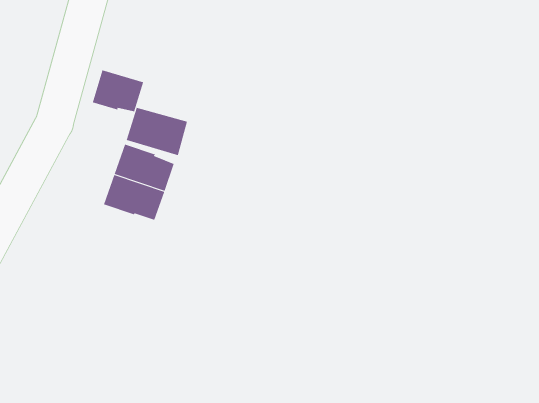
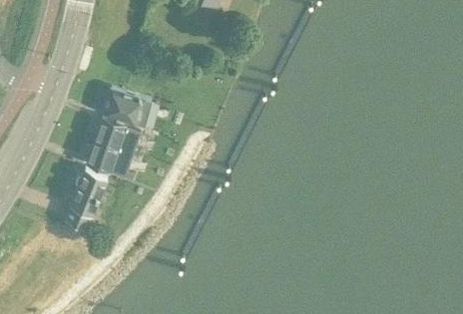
building: [92,69,144,112] -> none
building: none -> [65,169,107,228]

